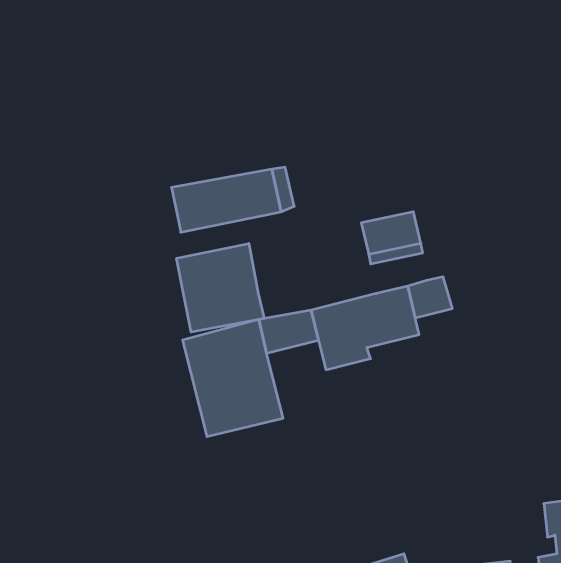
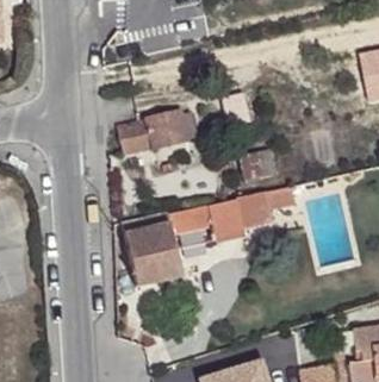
building: [177,243,264,332] -> none

